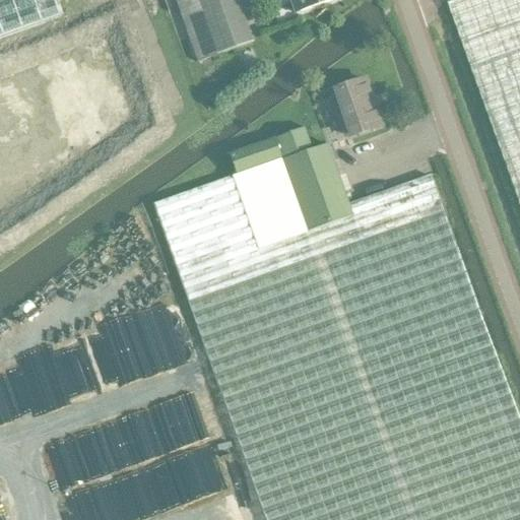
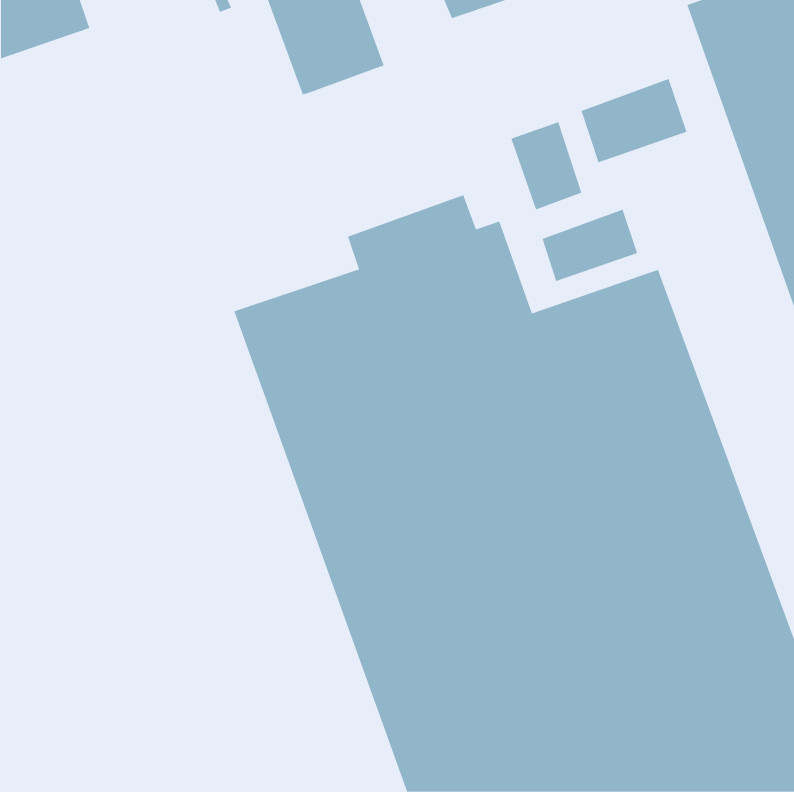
building: none -> [581,78,687,163]
building: none -> [542,209,638,282]

